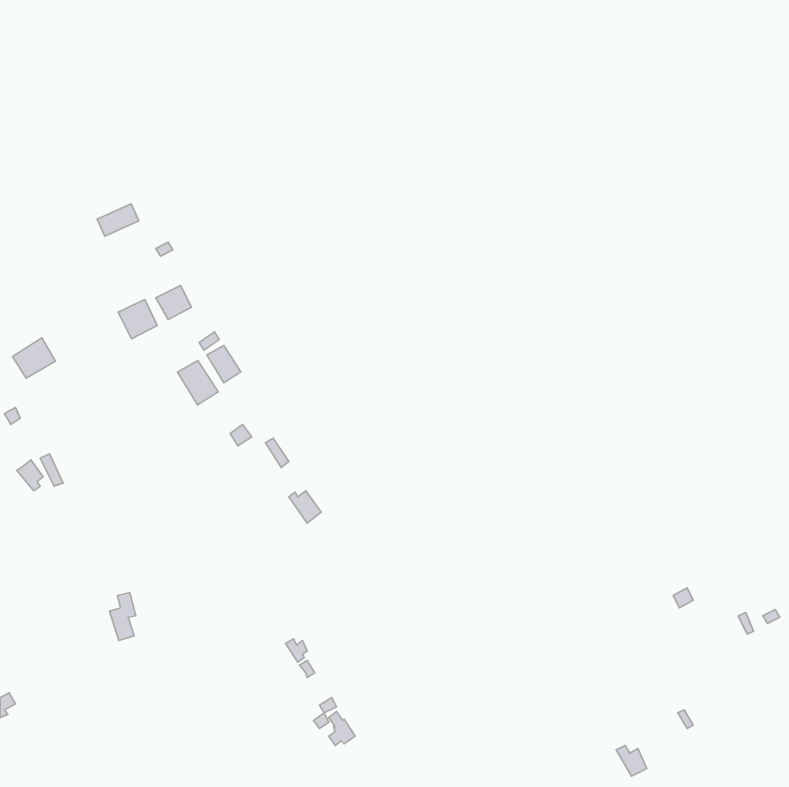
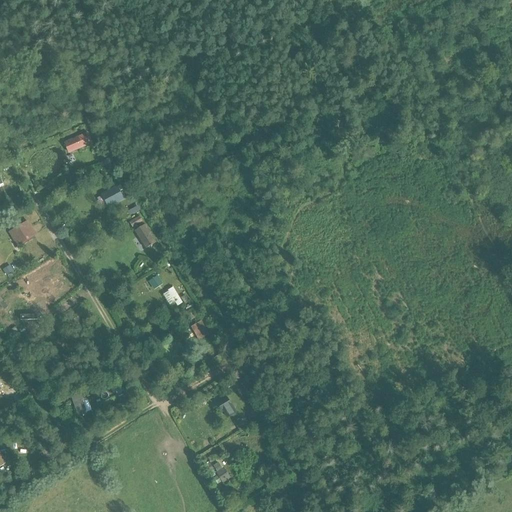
building: [118,300,157,339] -> none
building: [178,361,218,405] -> none

